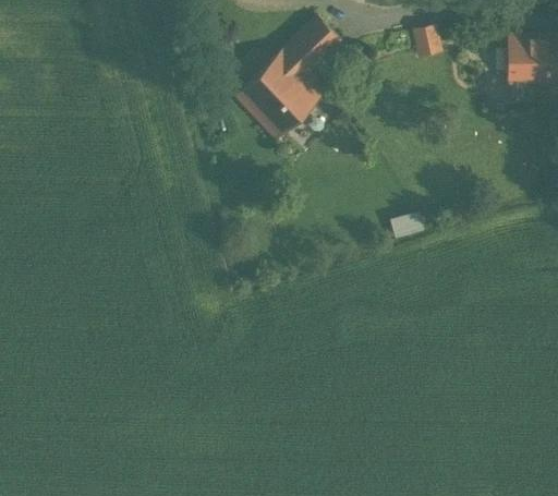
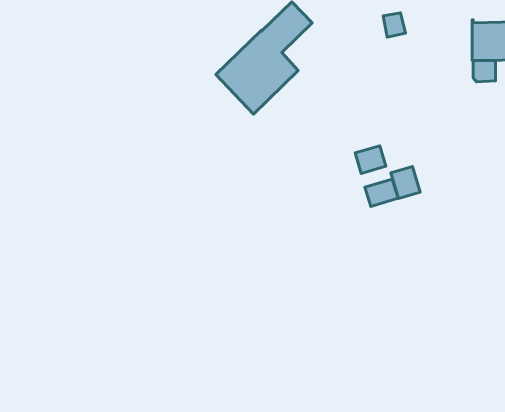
building: none -> [355,146,386,173]
building: none -> [391,167,420,198]

